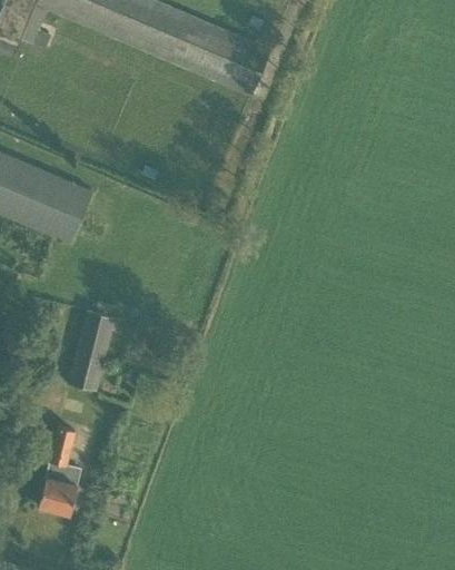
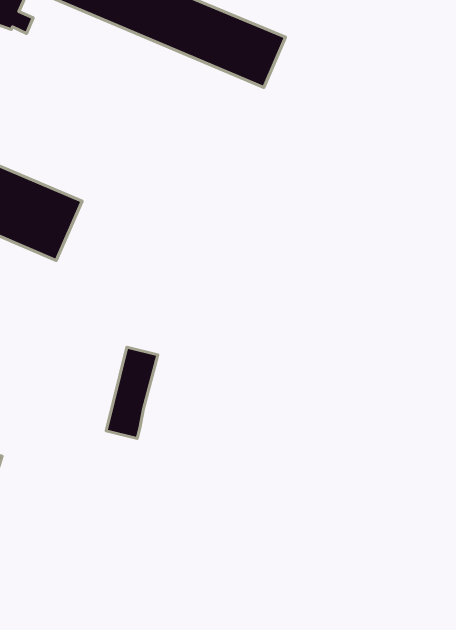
building: [70,311,115,390] -> [106,347,158,439]
building: [38,425,81,513] -> none

